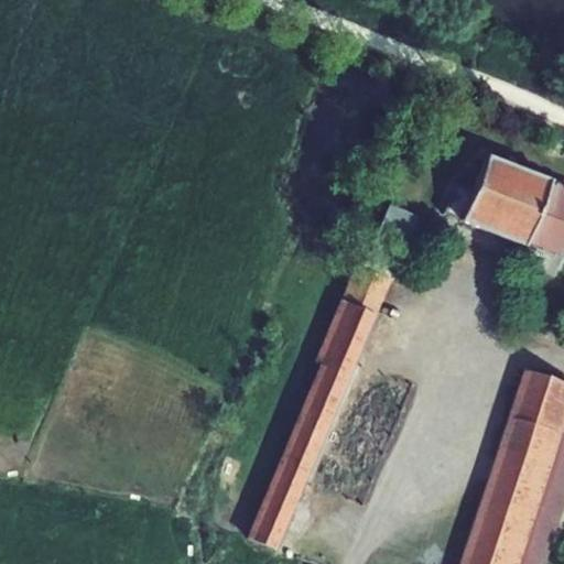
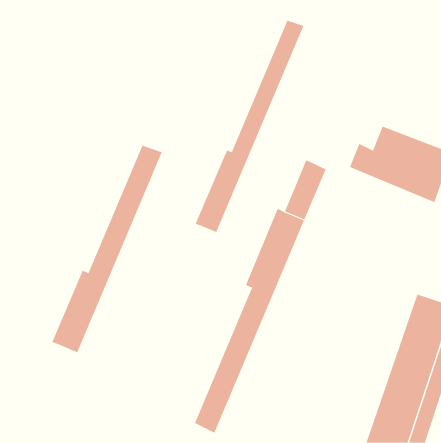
building: none -> [195,20,304,233]
building: none -> [51,145,163,353]

